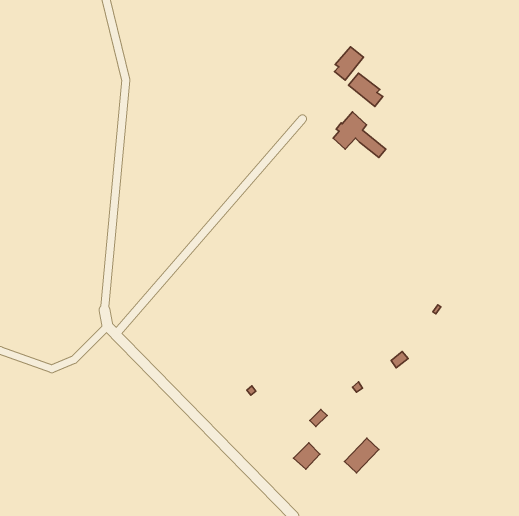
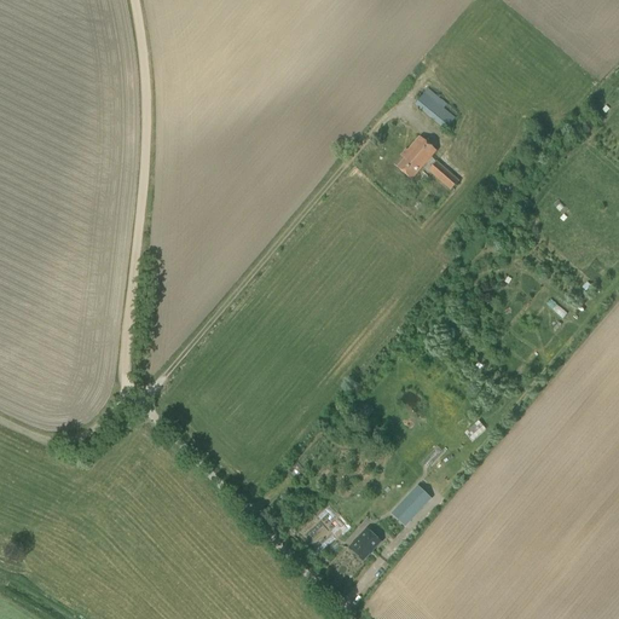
building: [334,47,364,80] -> none
building: [344,438,379,473] -> [391,482,432,523]

